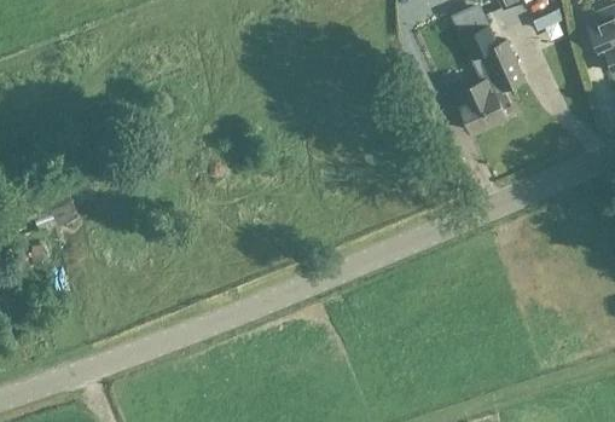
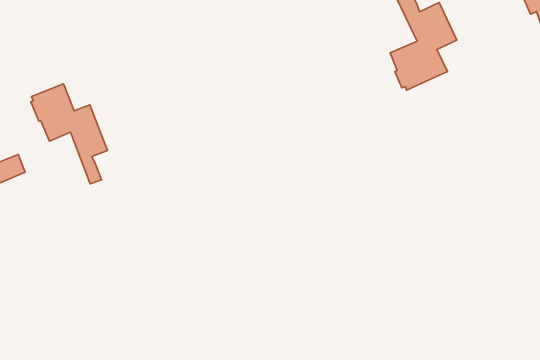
building: none -> [31,84,108,184]

